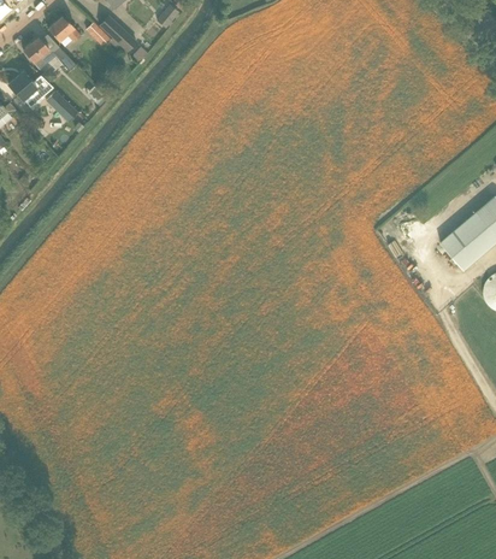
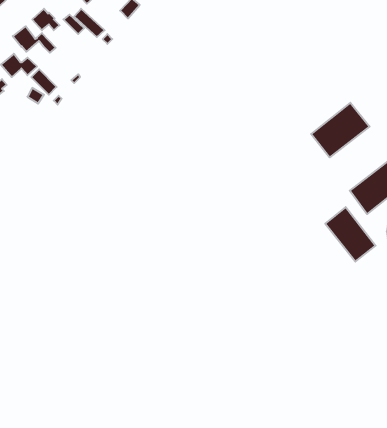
building: none -> [311,103,370,157]
building: none -> [325,207,376,262]

